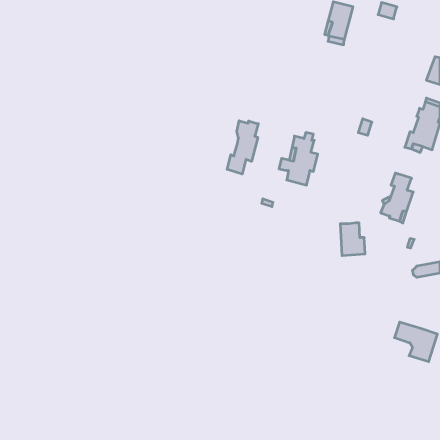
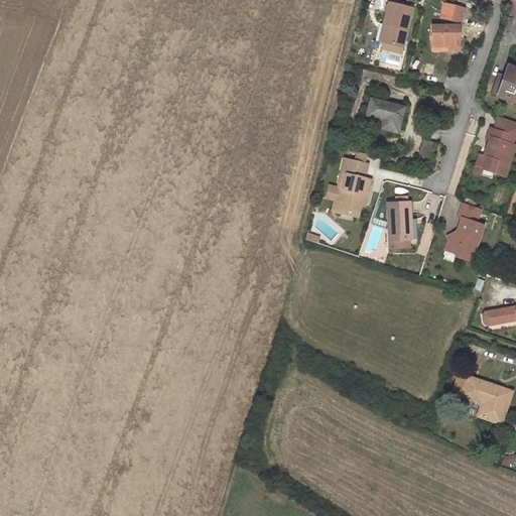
building: none -> [432,26,460,47]
building: none -> [367,99,405,132]
building: [227,121,258,174] -> none
building: [340,223,365,256] -> [388,202,417,240]

